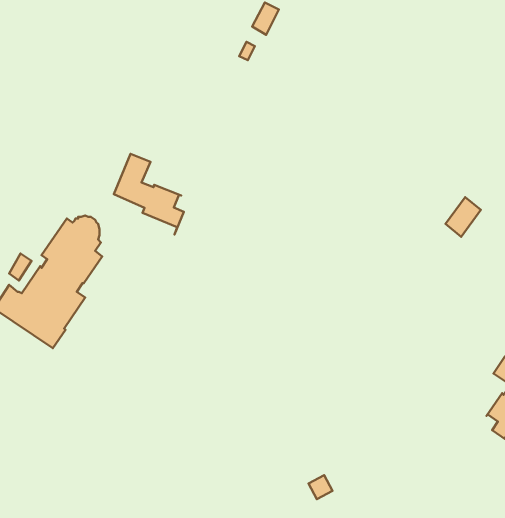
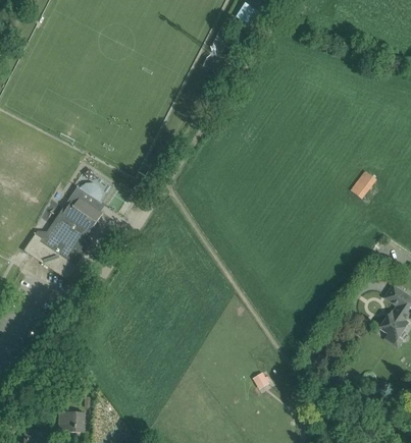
building: [114,154,184,235] -> none

